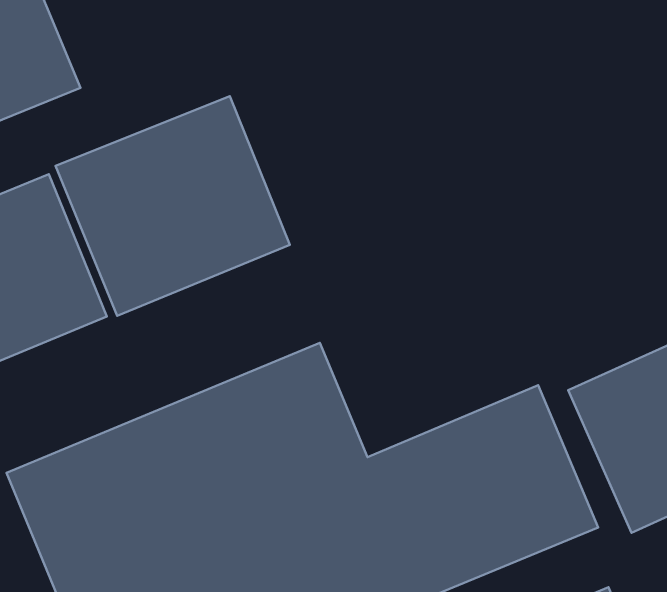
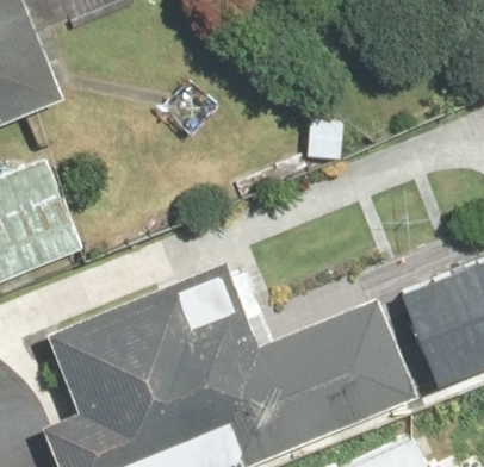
building: [56,96,290,316] -> none

